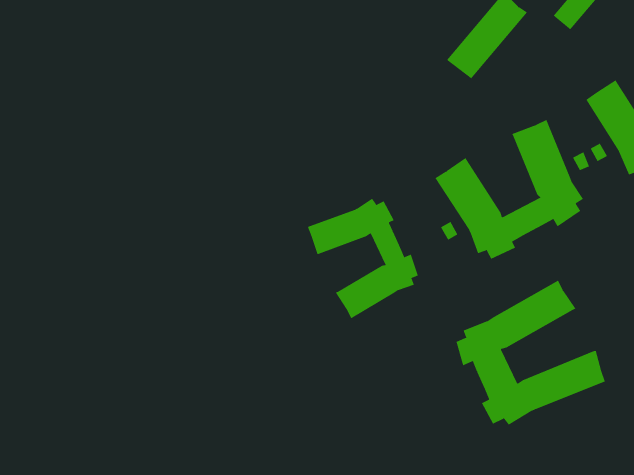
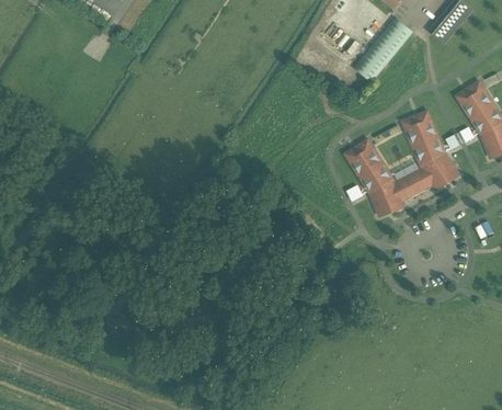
building: [307,198,419,319] -> none
building: [456,280,606,426] -> none

